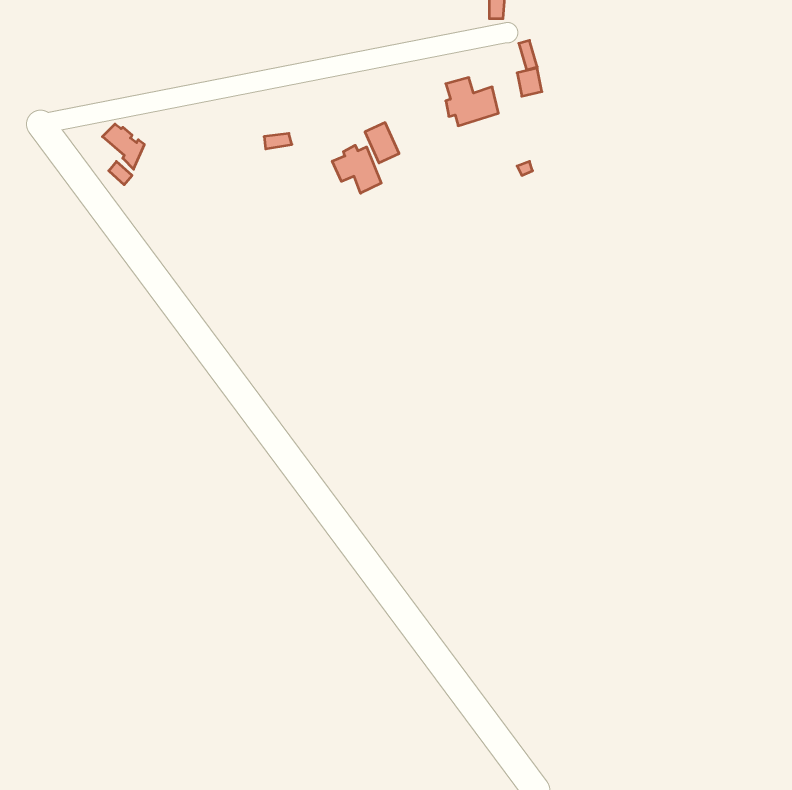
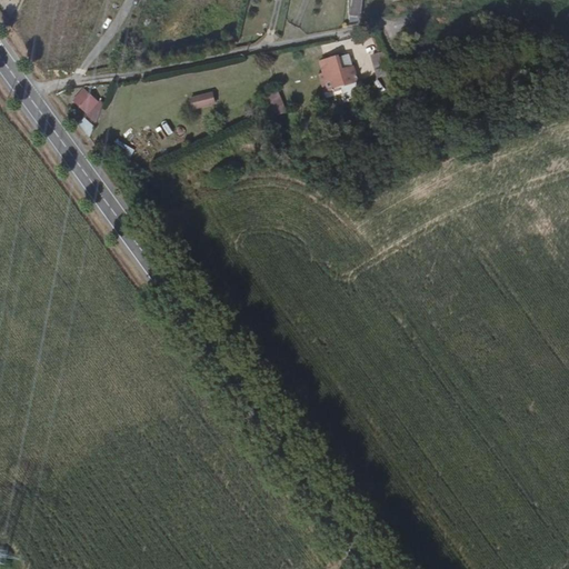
building: [332,145,381,193] -> none

